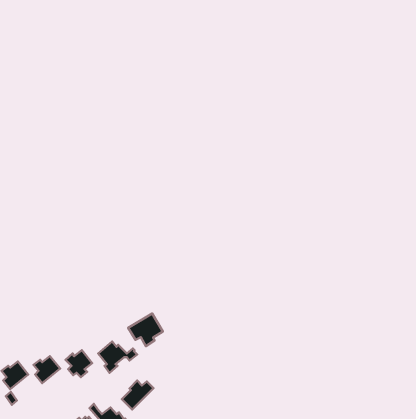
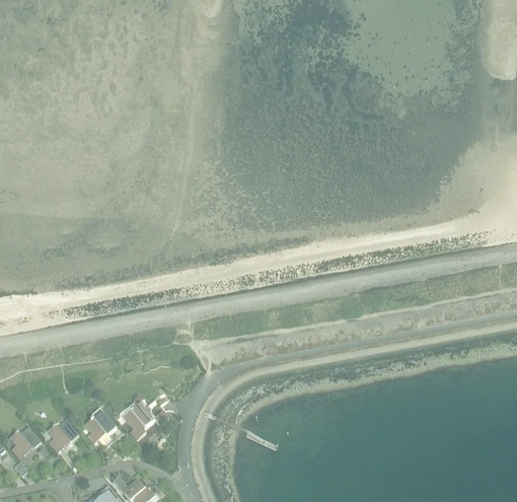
building: [128,313,163,346] -> none
building: [122,380,154,410] -> none

